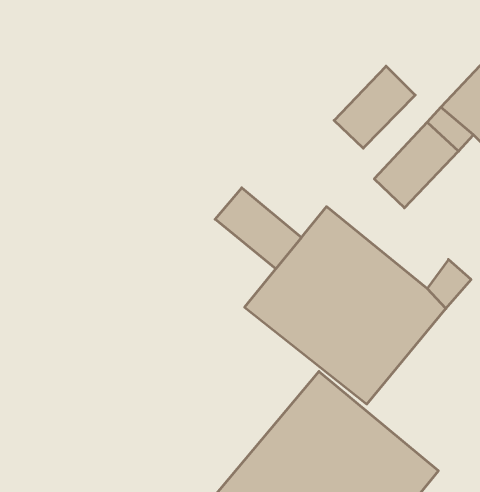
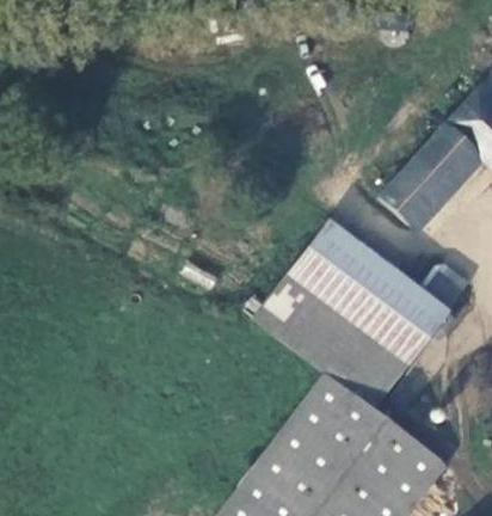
building: [334,66,415,148] -> none
building: [215,188,301,269] -> none

